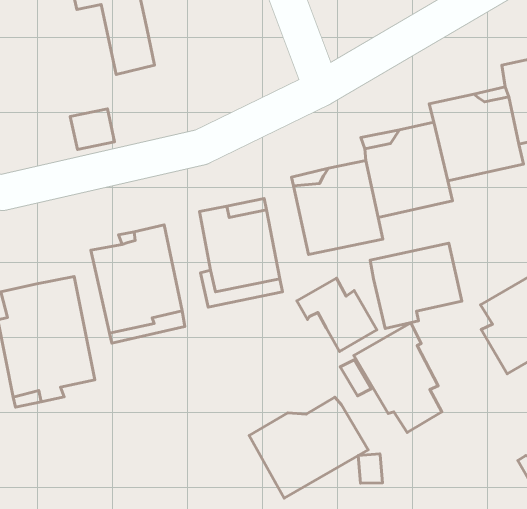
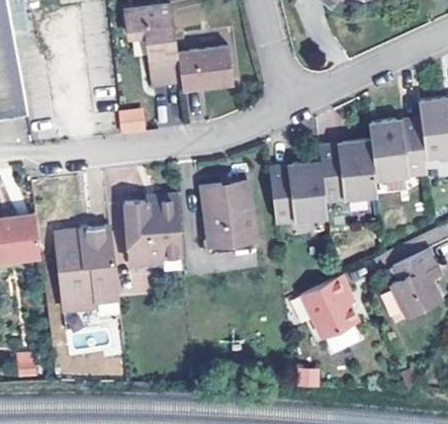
building: none -> [177,50,233,91]
building: [370,243,462,328] -> none
building: [297,278,377,351] -> none
building: [249,397,368,498] -> none

